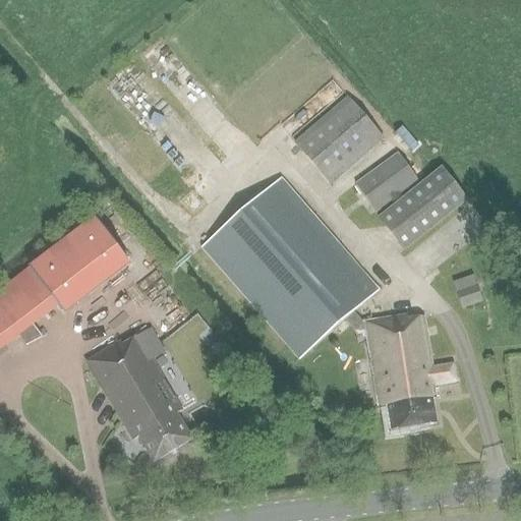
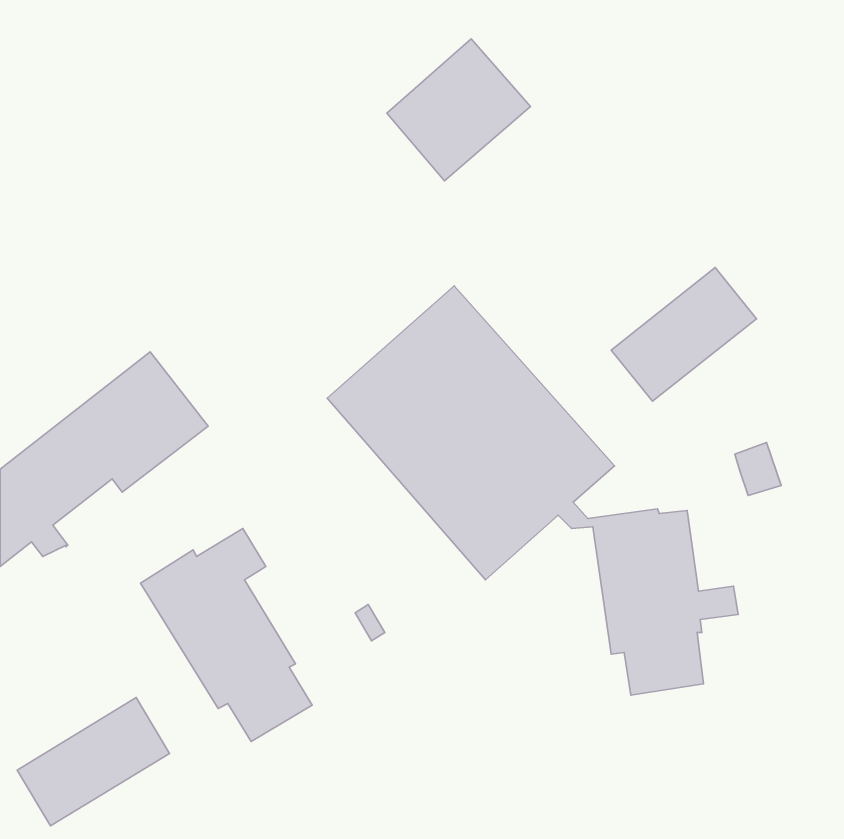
building: [294,94,383,181] -> [387,39,530,181]
building: [355,152,416,209] -> none
building: none -> [17,698,170,826]

